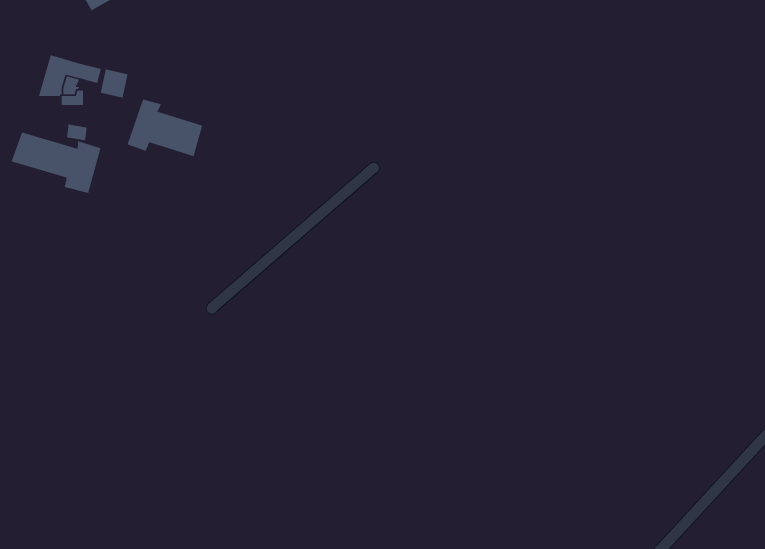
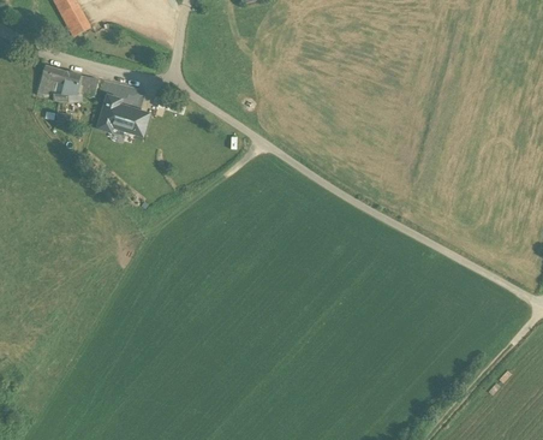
building: [10,131,101,194] -> none

